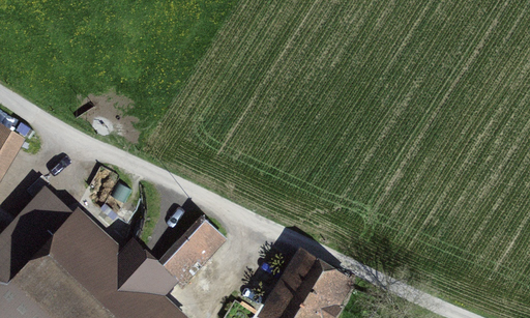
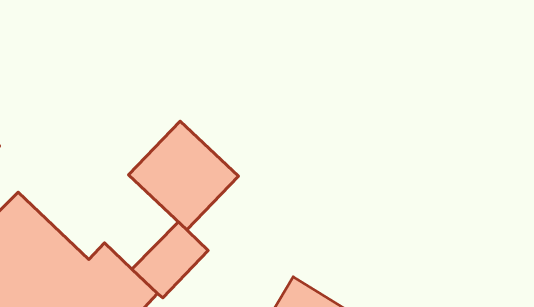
building: none -> [128,121,239,230]

